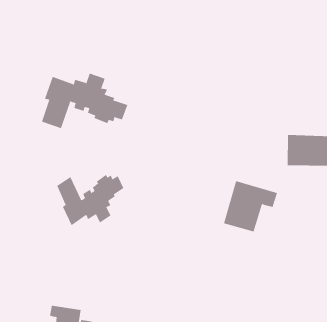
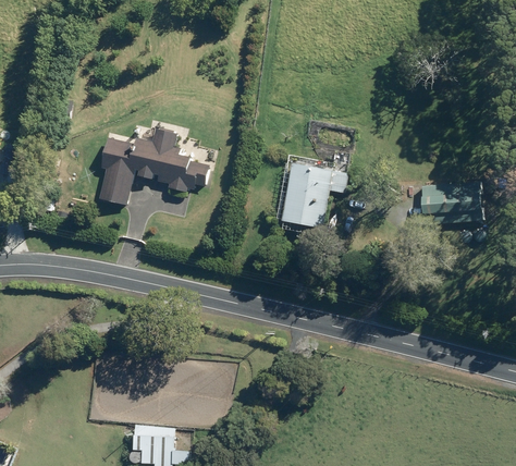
building: [56,174,124,226] -> none
building: [223,181,278,232] -> [282,162,349,228]

